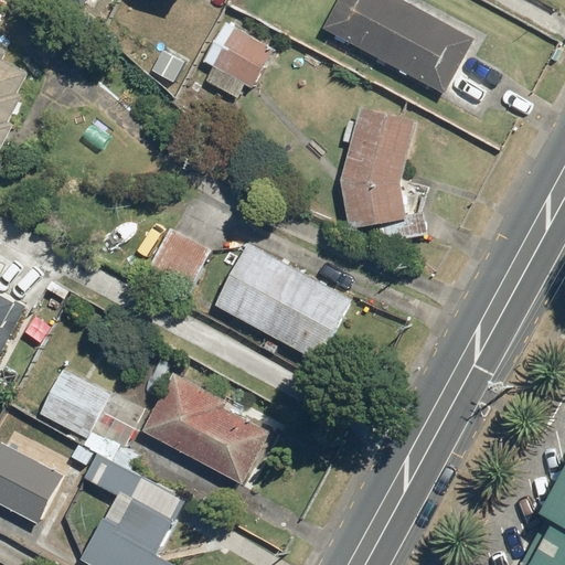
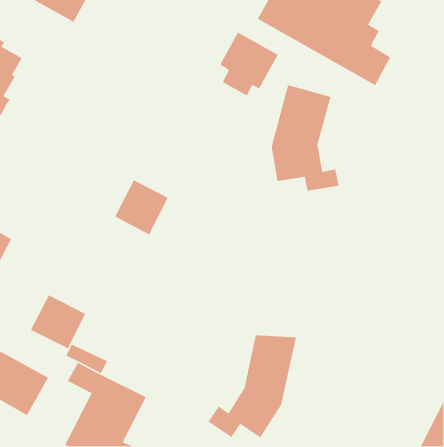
building: [200,17,275,98] -> [219,32,279,97]
building: [212,239,352,362] -> none
building: [140,372,268,484] -> none
building: none -> [208,335,297,438]

